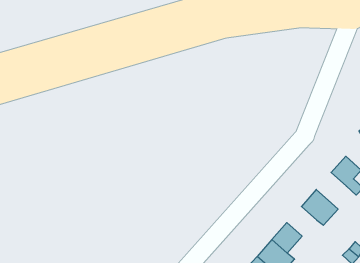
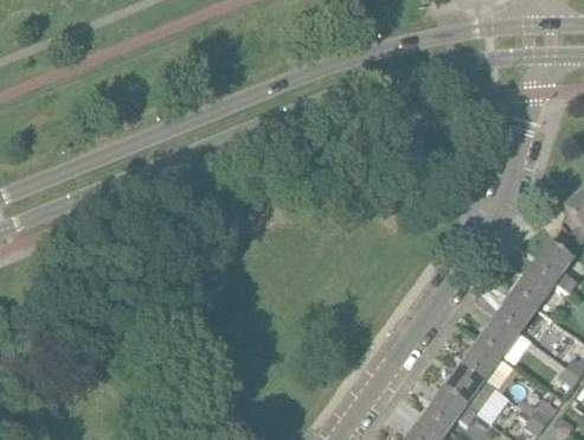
building: none -> [514,264,554,306]
building: none -> [479,314,519,355]

